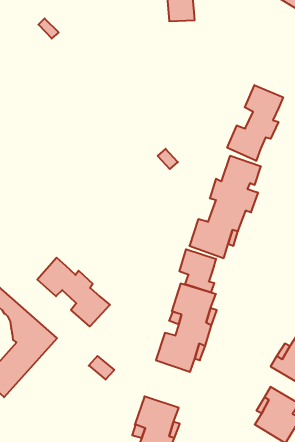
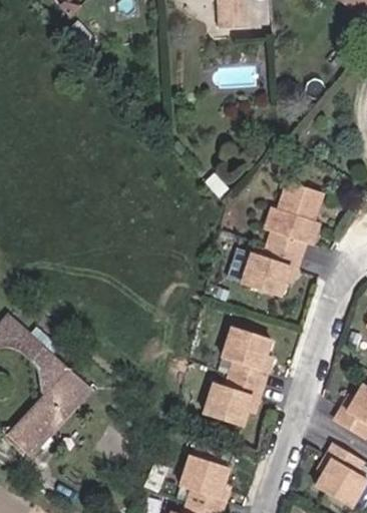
building: [227,85,283,161] -> none
building: [179,249,216,292] -> none
building: [37,258,110,326] -> none

